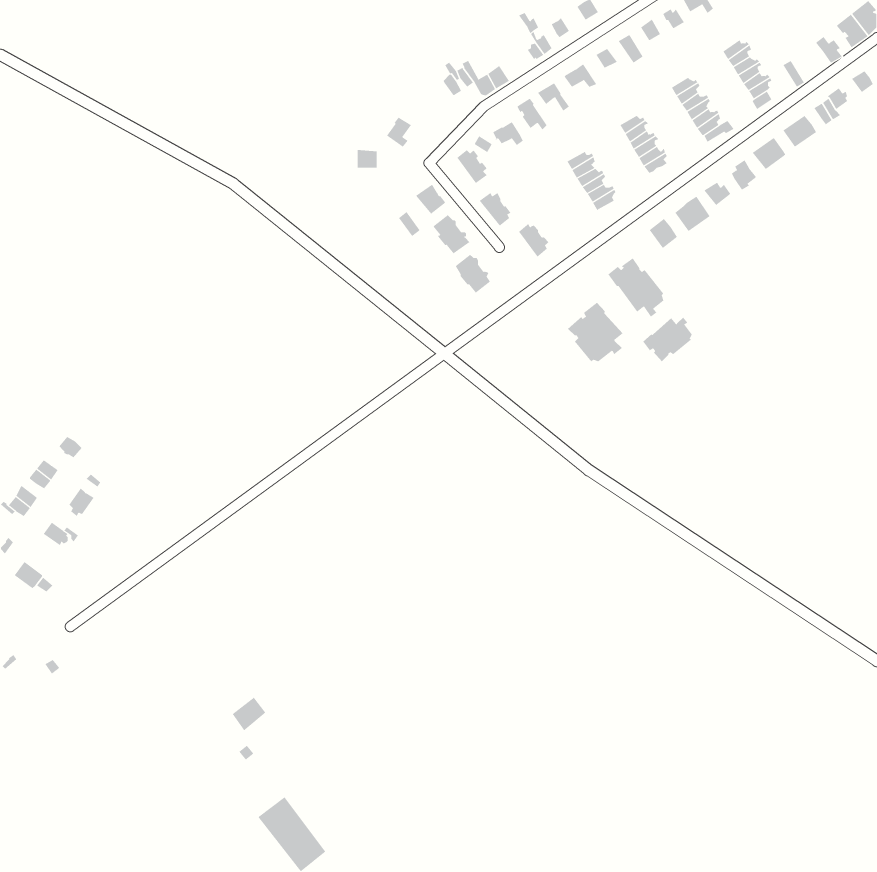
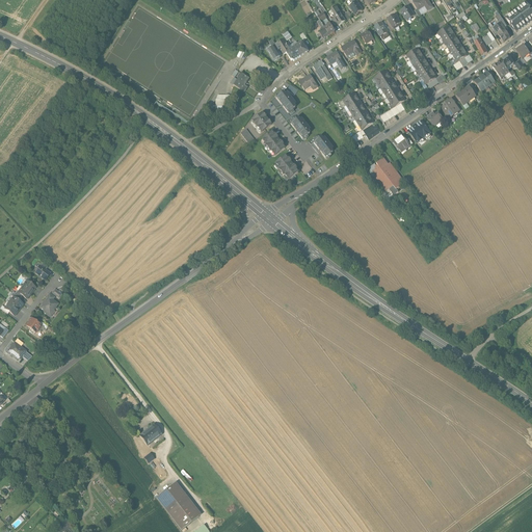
building: [567,302,623,362] -> none
building: [642,317,692,362] -> none

